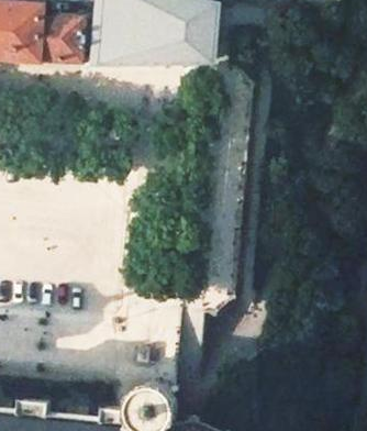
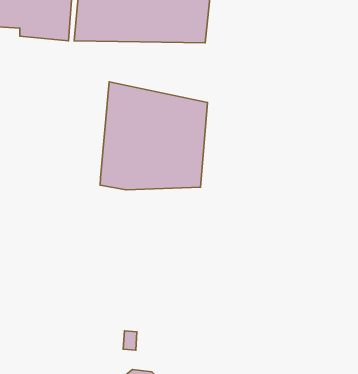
building: none -> [100,82,207,190]

